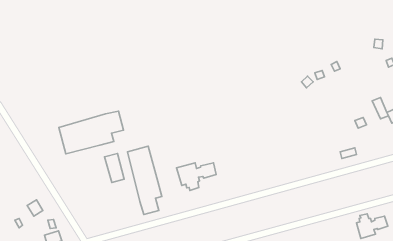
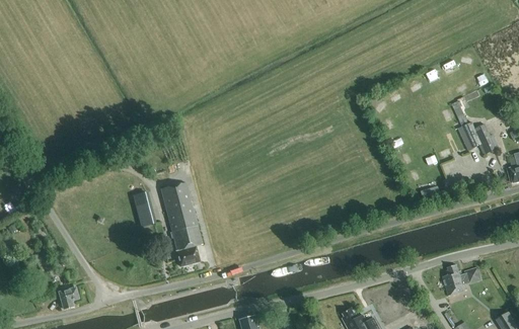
building: [59,111,123,154] -> none
building: [177,163,216,191] -> none

